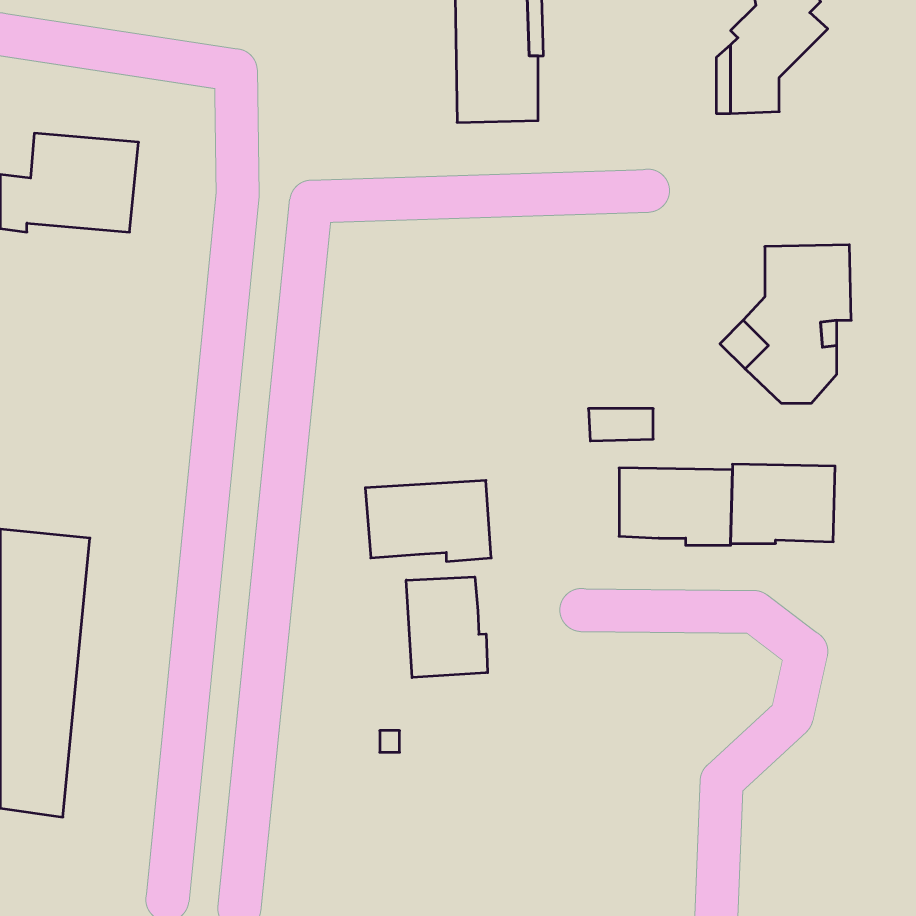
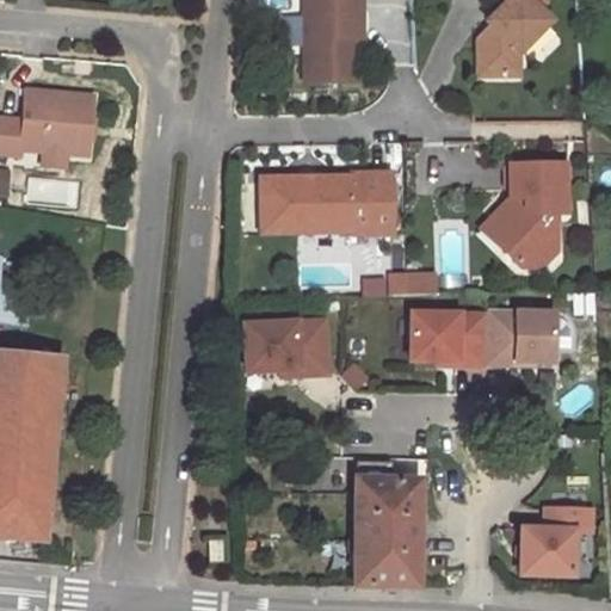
building: none -> [260,172,393,235]
building: [406,577,488,678] -> none
building: none -> [356,480,419,586]
building: none -> [524,506,595,573]

